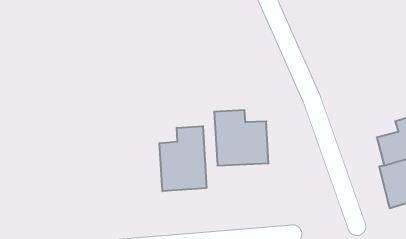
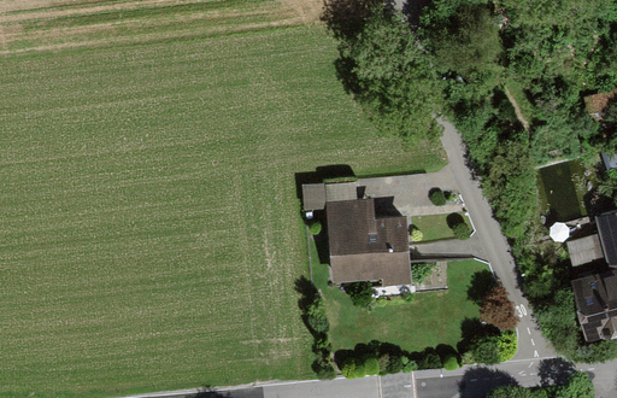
building: [160,126,206,191] -> none

